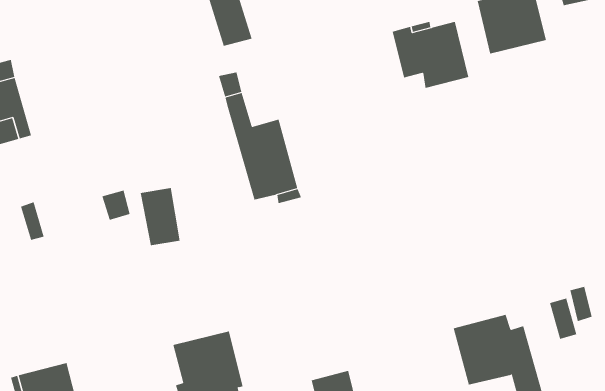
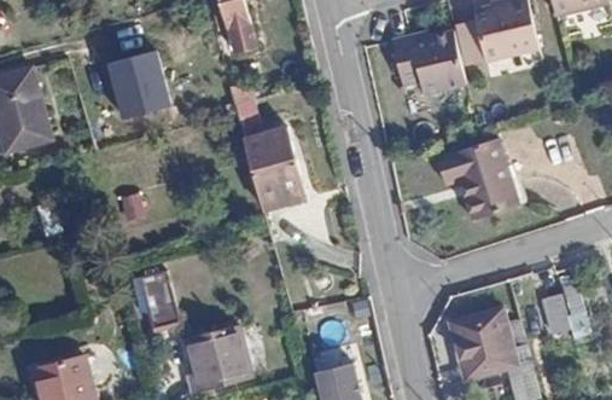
building: none -> [105,45,174,117]
building: none -> [438,140,517,219]
building: [140,188,180,246] -> [135,271,174,326]

